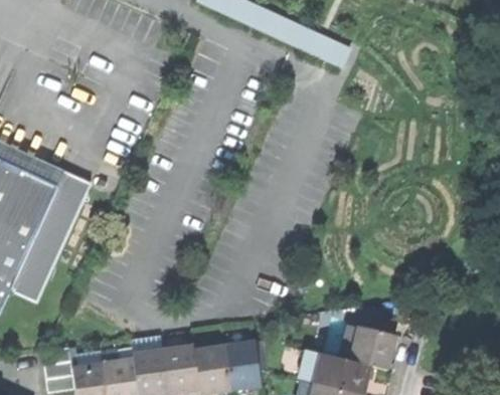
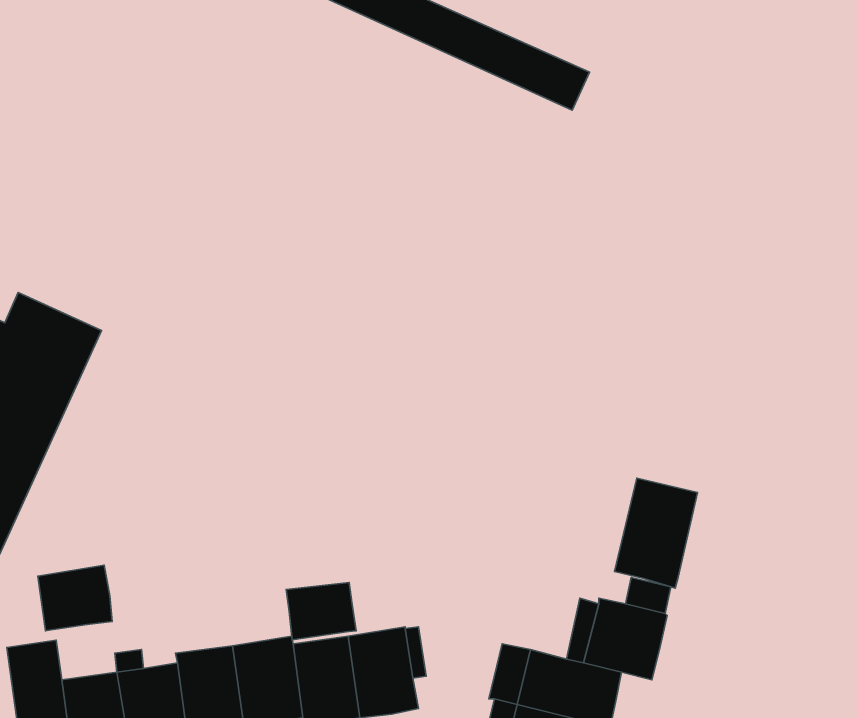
building: none -> [614,478,698,588]
building: none -> [38,565,112,631]
building: none -> [286,583,356,640]

